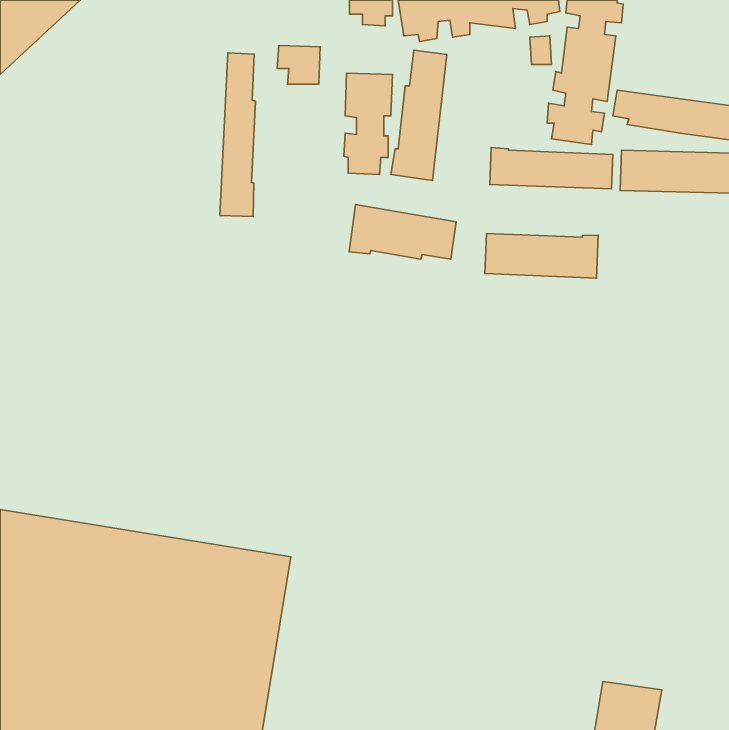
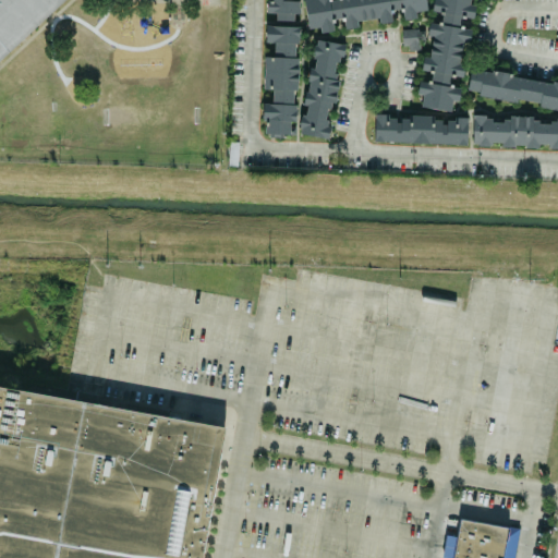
building: [277,46,320,84] -> [267,25,300,54]
building: [220,53,255,217] -> none
building: [349,205,456,259] -> none
building: [485,234,598,278] -> none

